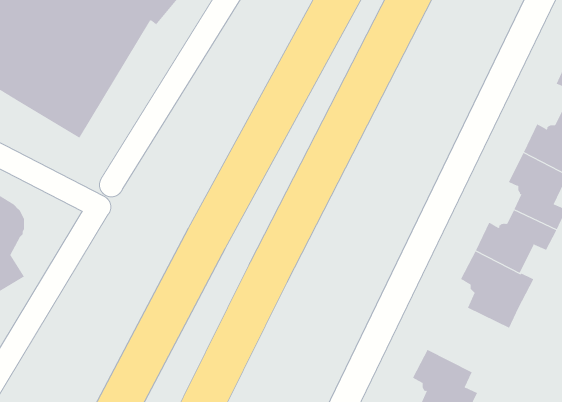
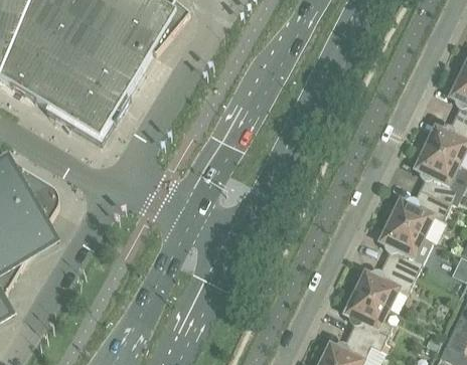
building: none -> [354,261,415,309]

